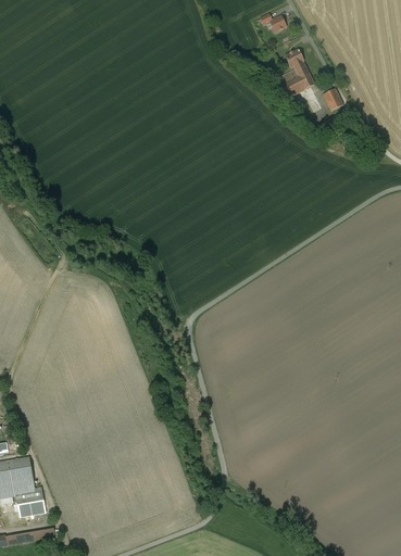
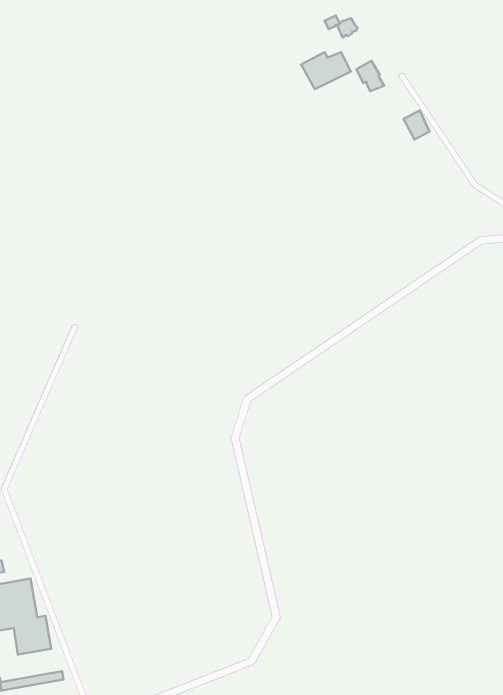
building: [275,68,314,98] -> [301,52,351,89]

